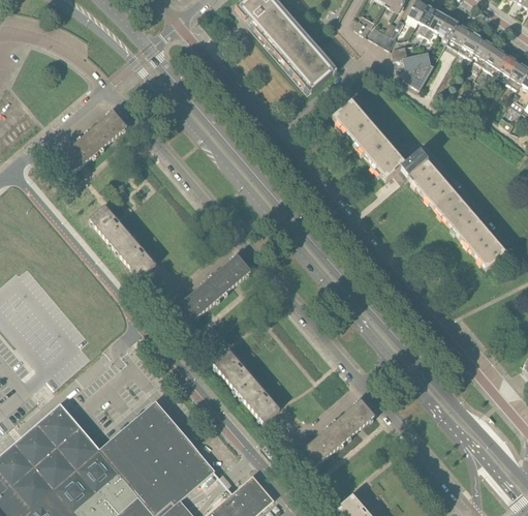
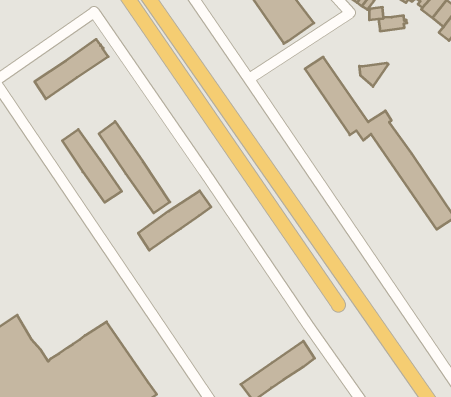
building: [403,63,433,89] -> [359,63,388,87]
building: none -> [99,121,170,213]
building: [213,350,280,422] -> none

